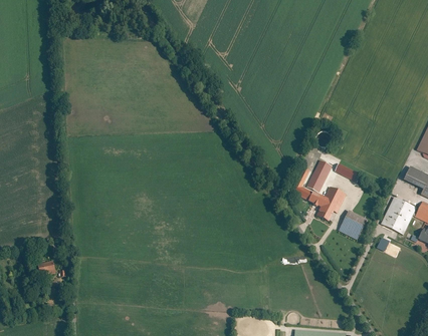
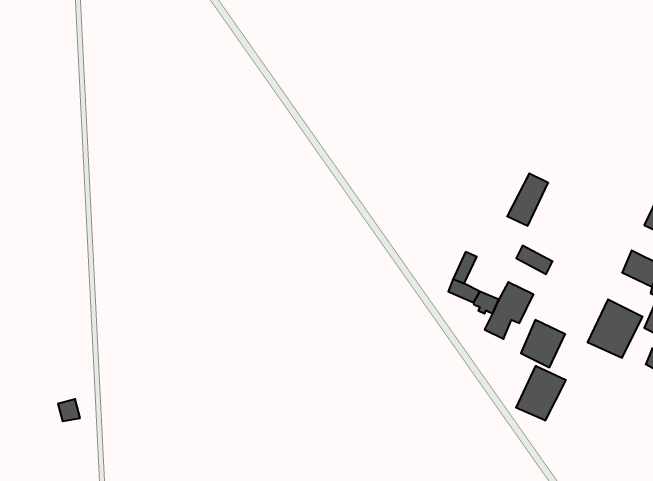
building: [306,159,333,193] -> [507,173,548,226]
building: none -> [516,366,566,421]

